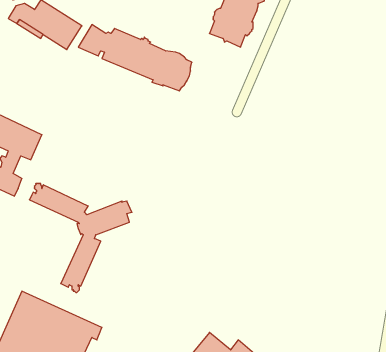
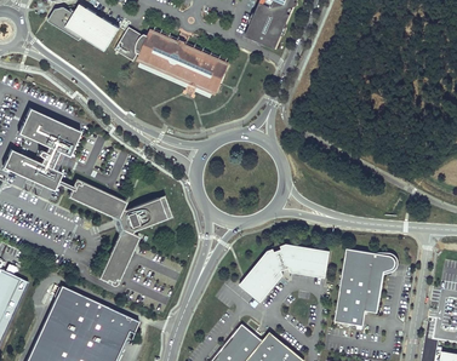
building: none -> [239,242,329,300]
building: none -> [333,248,395,330]

